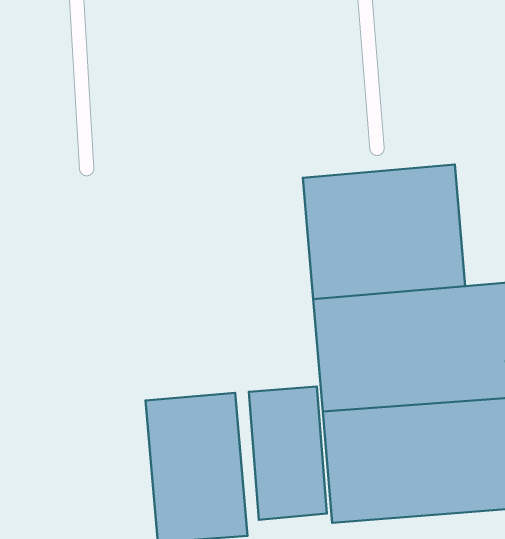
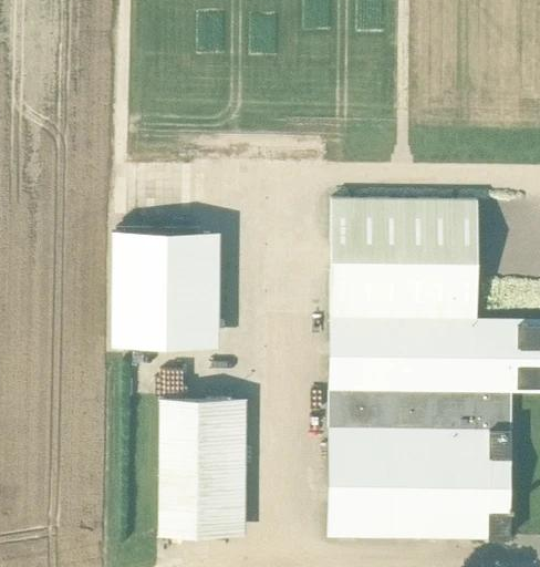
building: none -> [111,230,220,346]
building: [249,386,327,520] -> none

